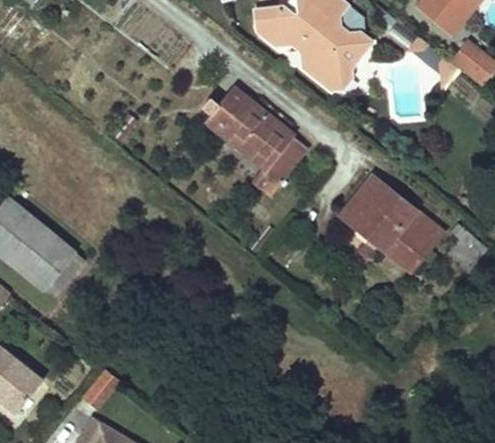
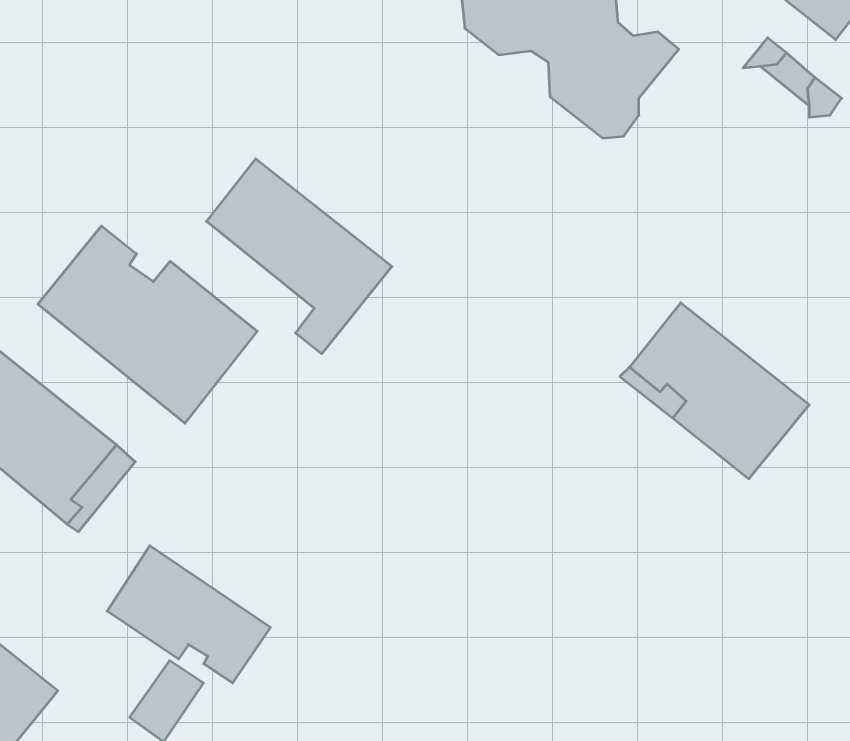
building: [207,88,306,191] -> [206,159,392,354]
building: none -> [38,226,257,423]
building: none -> [107,546,270,683]

